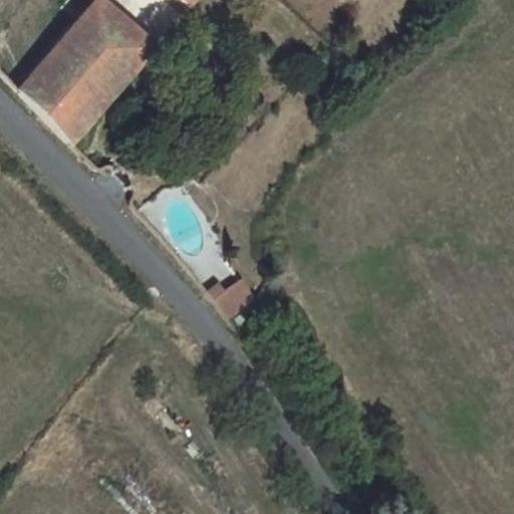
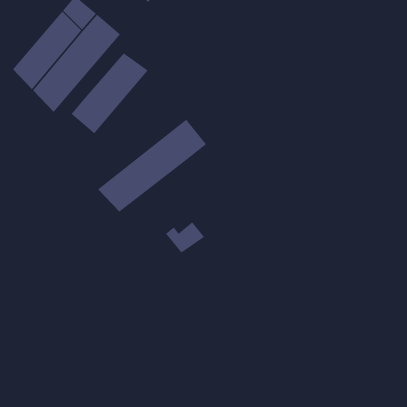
building: none -> [71,53,148,134]
building: none -> [97,119,207,212]

